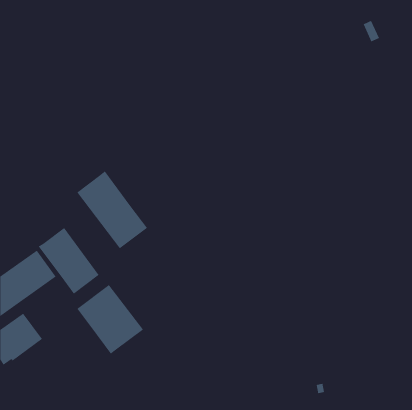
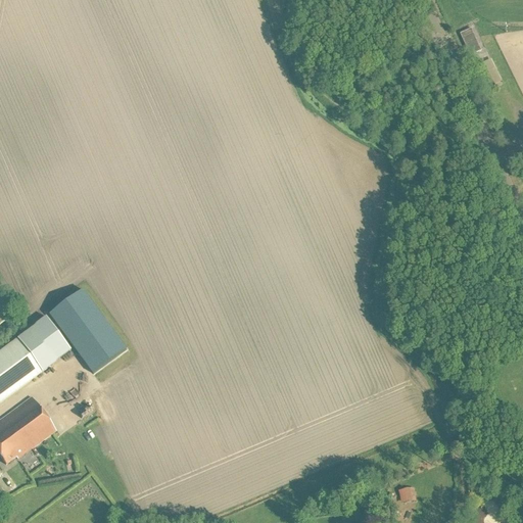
building: [77,170,148,249] -> none
building: [76,284,144,355] -> none

